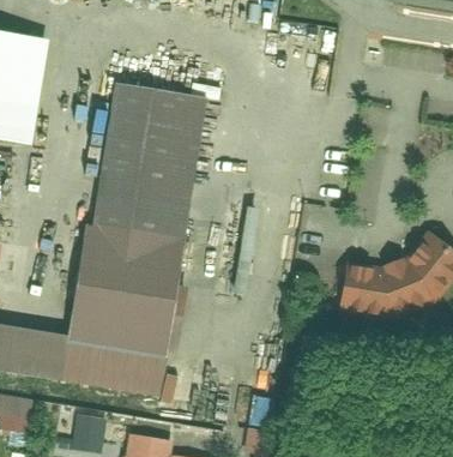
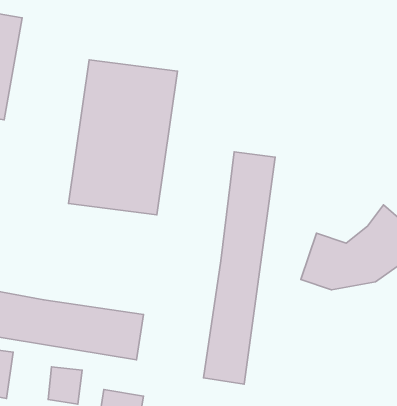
building: none -> [203,152,275,384]
building: [67,231,187,350] -> none

